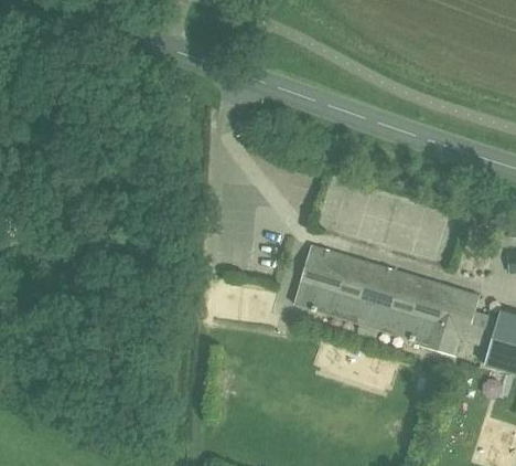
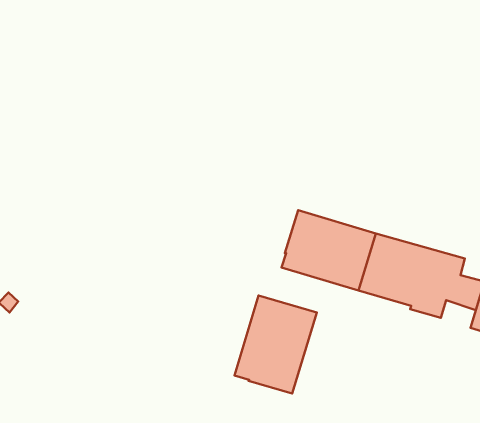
building: none -> [235,296,317,393]

